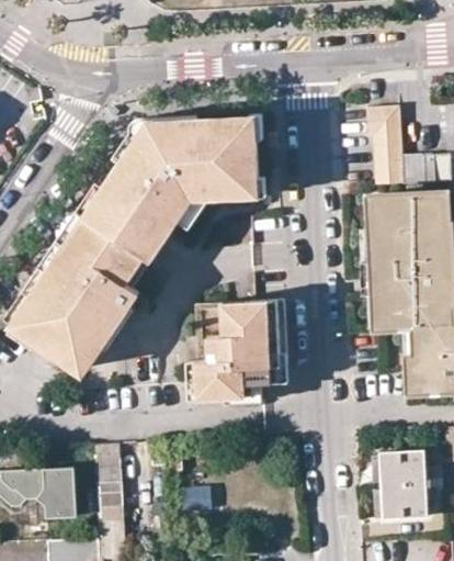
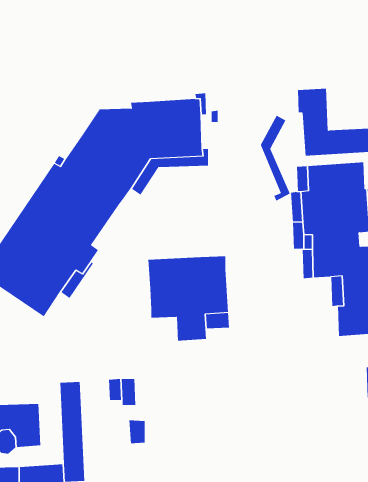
building: [113,117,198,161] -> none
building: none -> [260,115,290,202]
building: [188,337,230,400] -> none
building: [381,450,443,517] -> none

